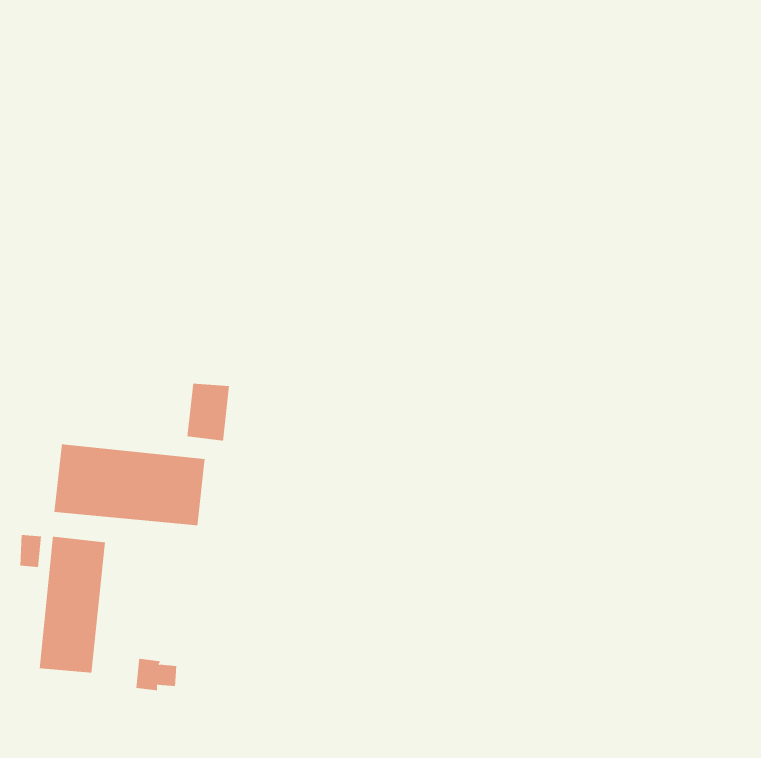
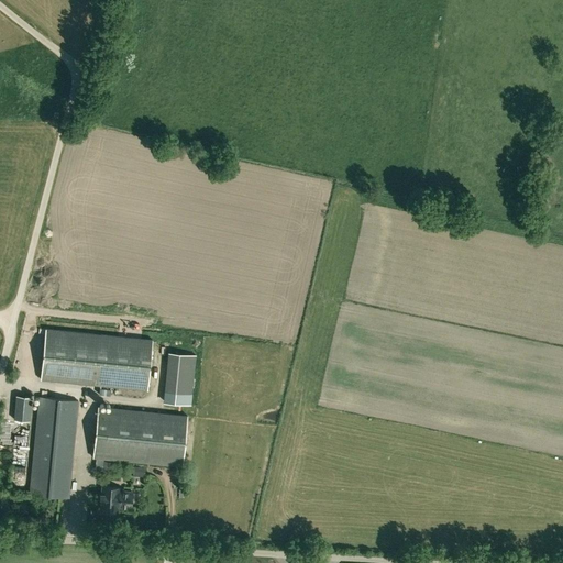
building: [187,383,230,441] -> [164,354,196,397]
building: none -> [92,408,187,468]

